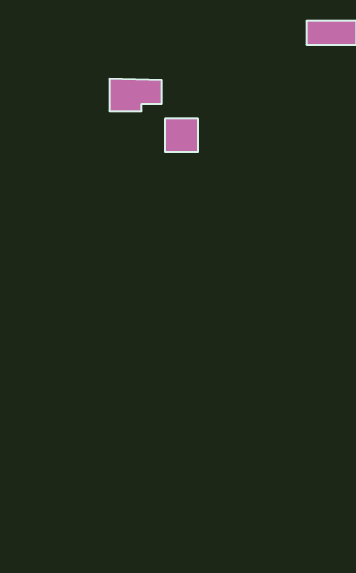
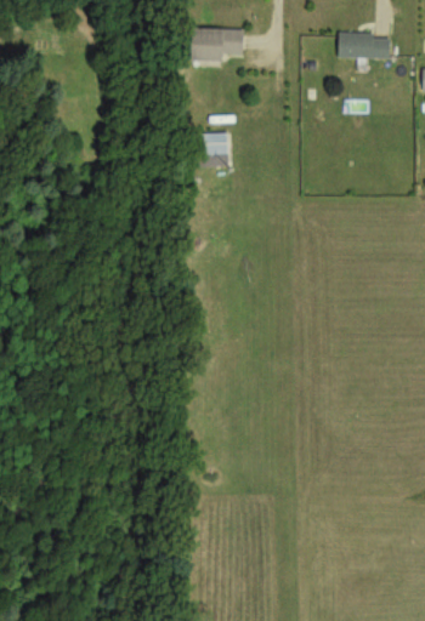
building: [109,79,162,111] -> [191,29,244,62]

